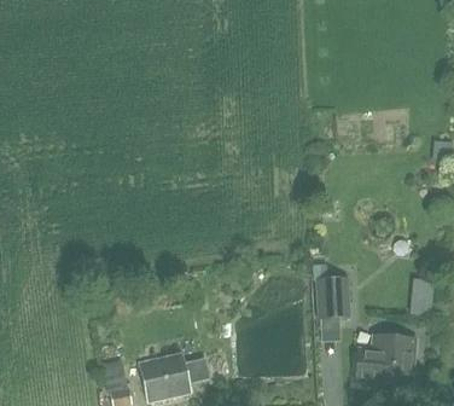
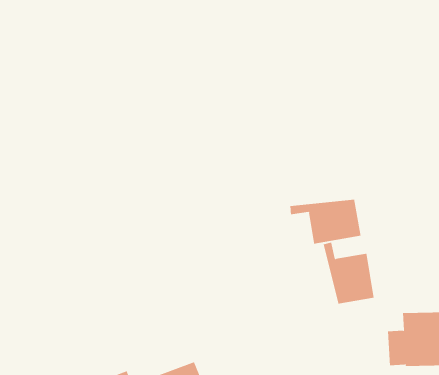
building: none -> [290,199,361,244]

